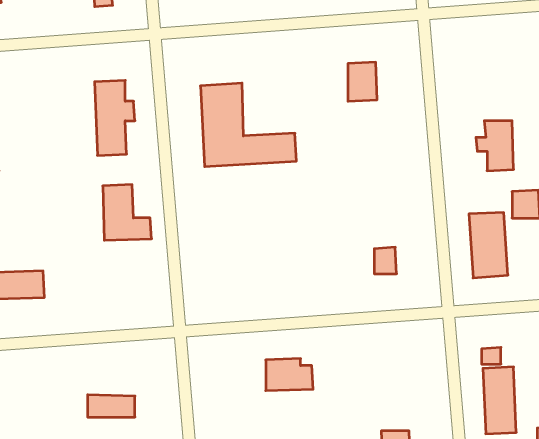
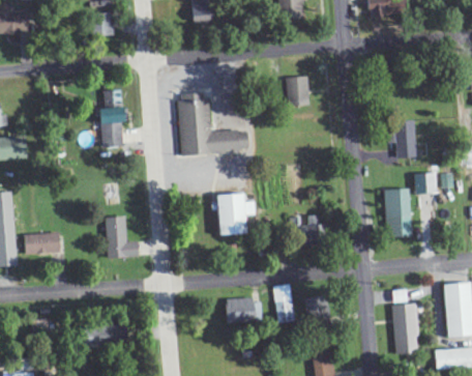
building: [103,185,152,240] -> [106,215,142,257]
building: none -> [216,193,257,233]
building: none -> [274,283,295,321]
building: none -> [304,294,327,319]

